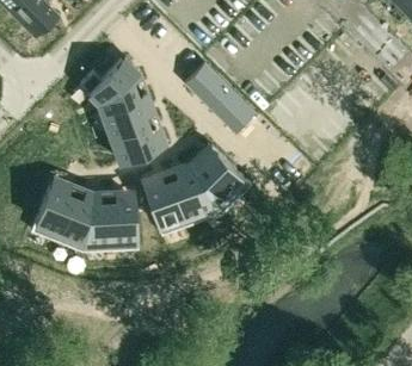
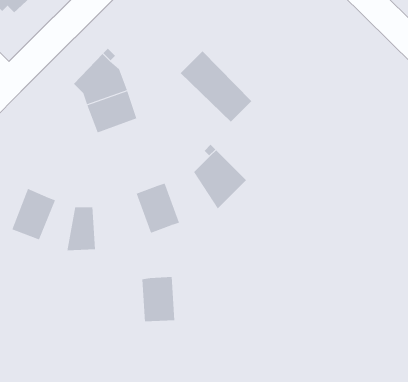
building: [110,124,155,162] -> none
building: [171,172,217,217] -> none
building: [59,197,90,242] -> none
building: [106,200,136,241] -> [142,276,175,322]

